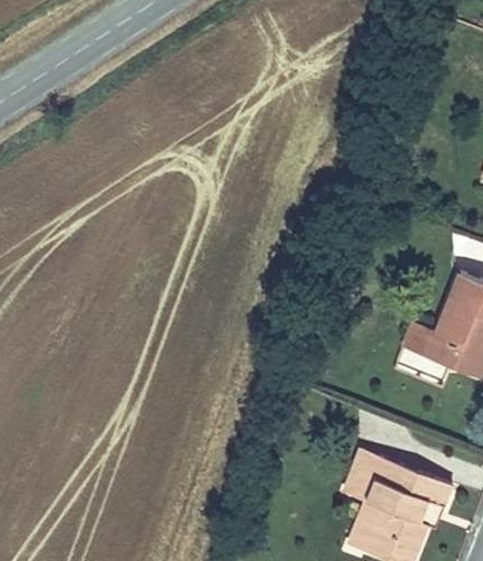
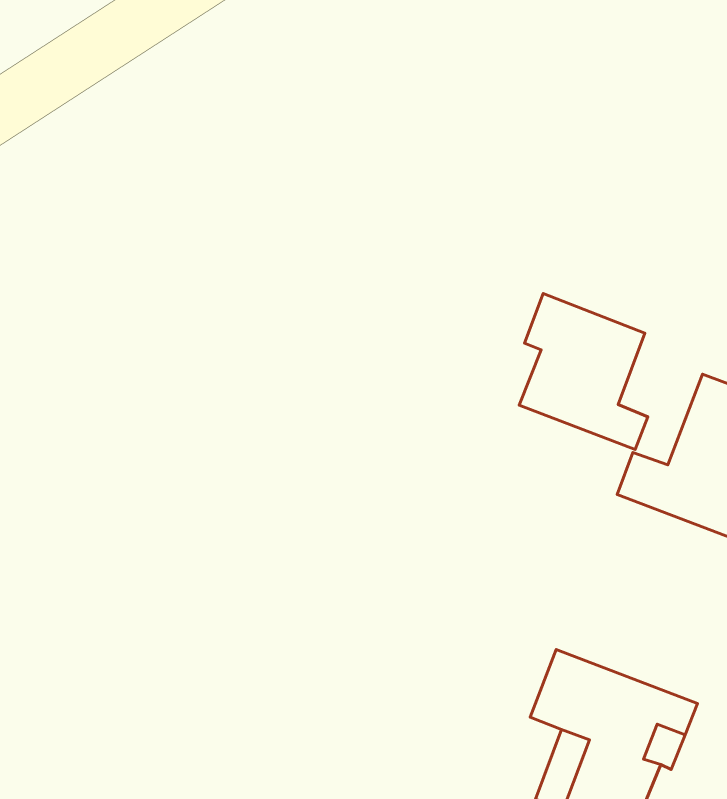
building: none -> [519,294,648,449]

